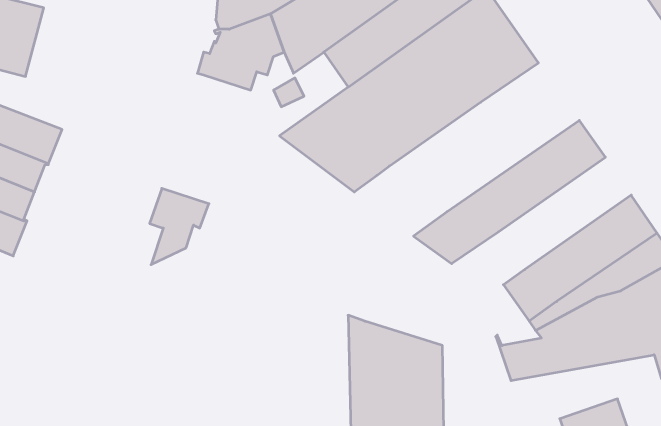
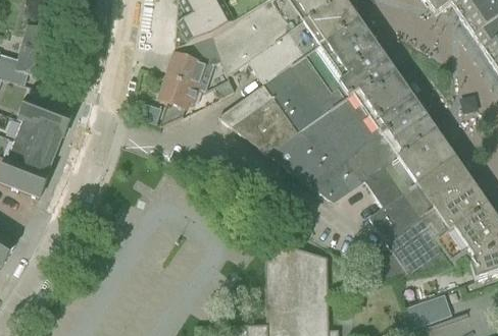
building: none -> [269,67,420,183]
building: none -> [366,130,455,206]
building: [150,188,209,265] -> [160,75,200,126]

